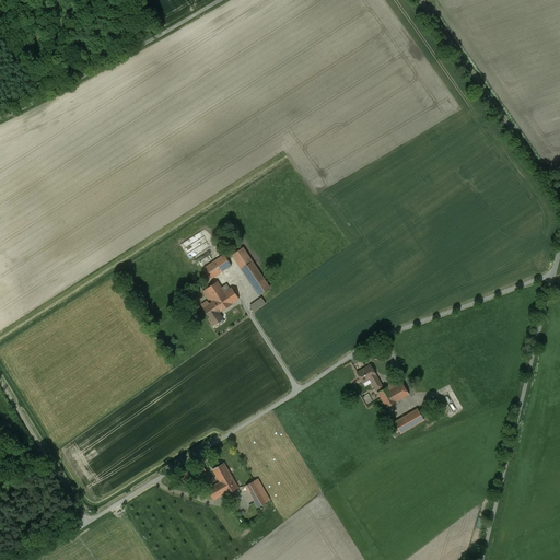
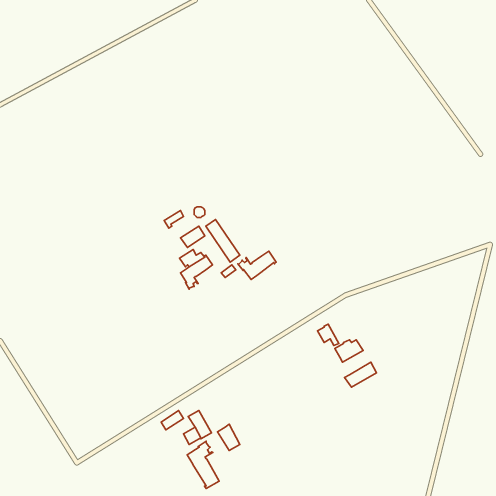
building: none -> [238,251,276,280]
building: none -> [187,441,219,488]

